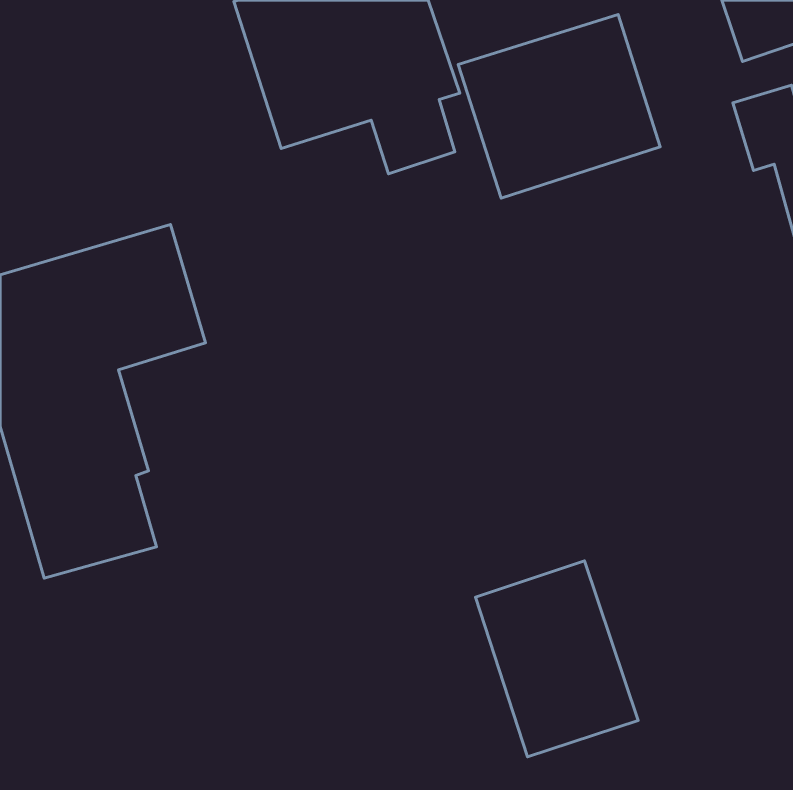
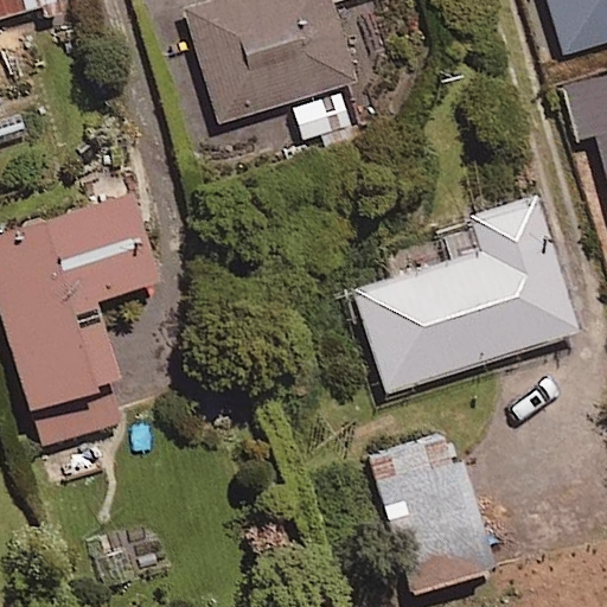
building: [458,15,660,198] -> none
building: none -> [351,197,576,390]

